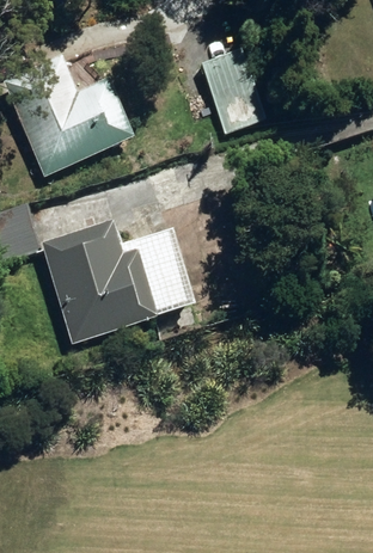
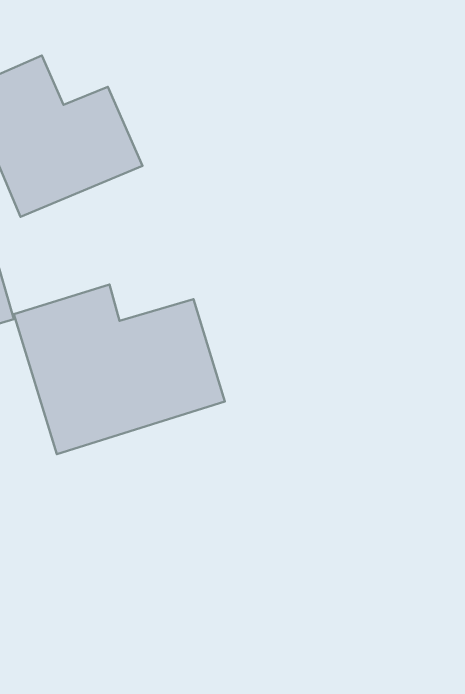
building: [201,44,270,130] -> none

